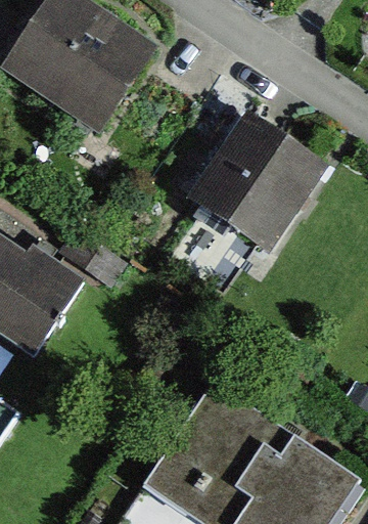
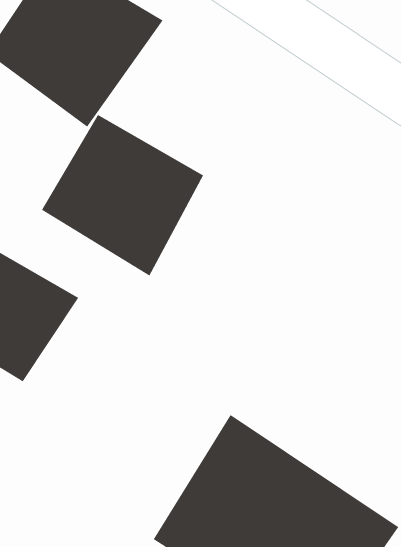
building: [186,112,332,254] -> none
building: none -> [41,114,204,277]

